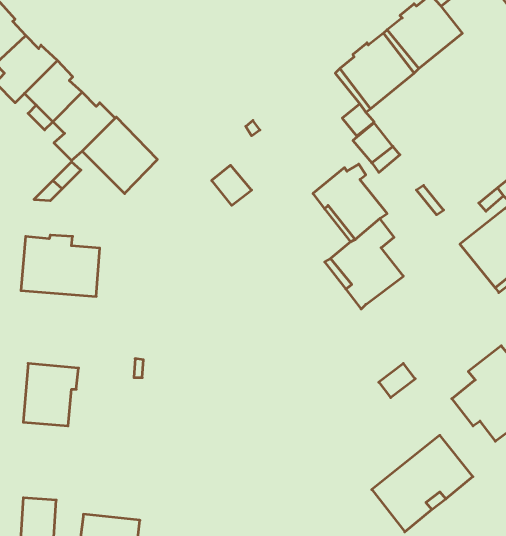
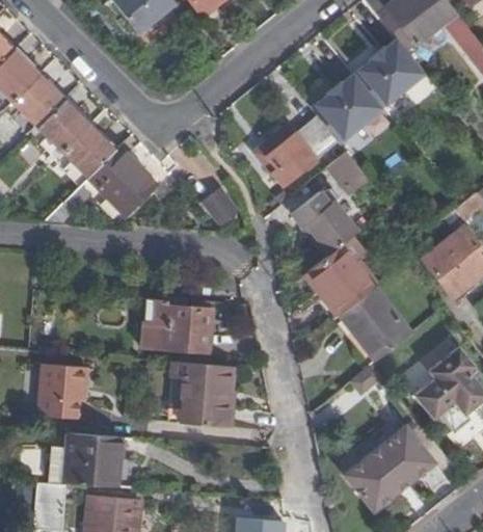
building: none -> [254,124,317,186]
building: [21,235,100,296] -> [142,297,212,351]
building: none -> [340,286,411,360]
building: none -> [168,361,232,426]
building: none -> [49,432,124,486]

